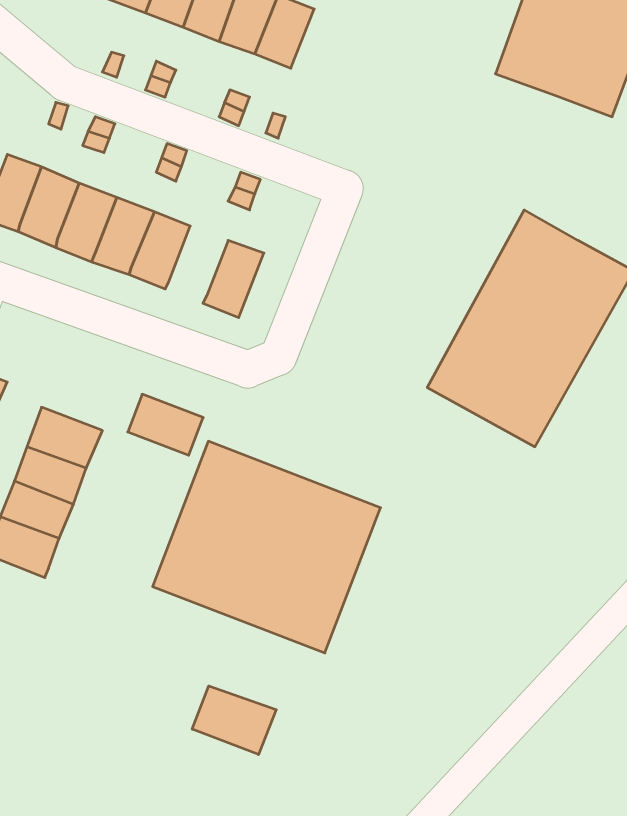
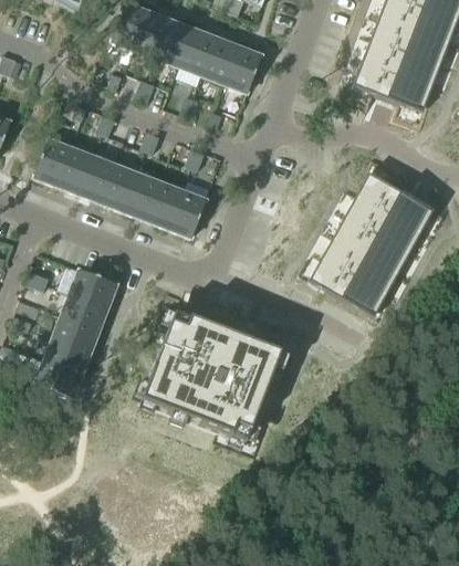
building: none -> [225,46,262,92]
building: none -> [147,180,186,228]
building: [128,394,203,455] -> [71,269,117,306]
building: [192,686,276,755] -> none

